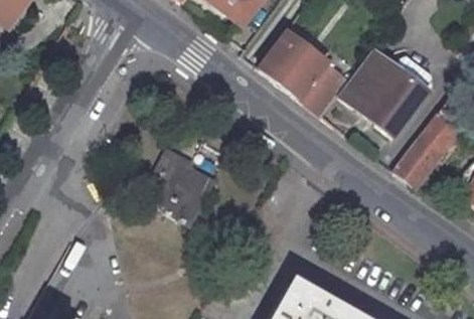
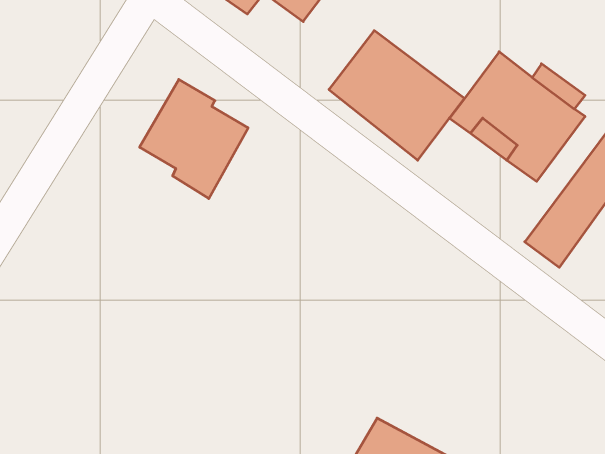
building: [143,147,215,226] -> [140,79,248,199]

